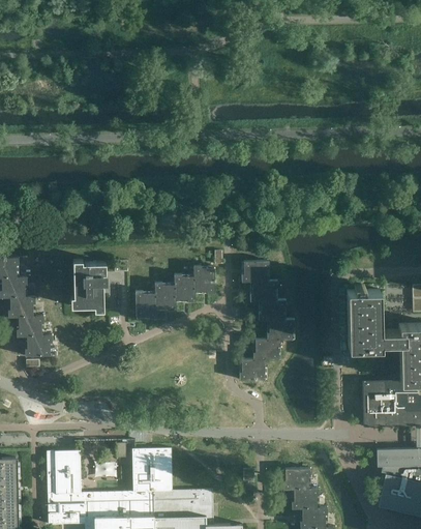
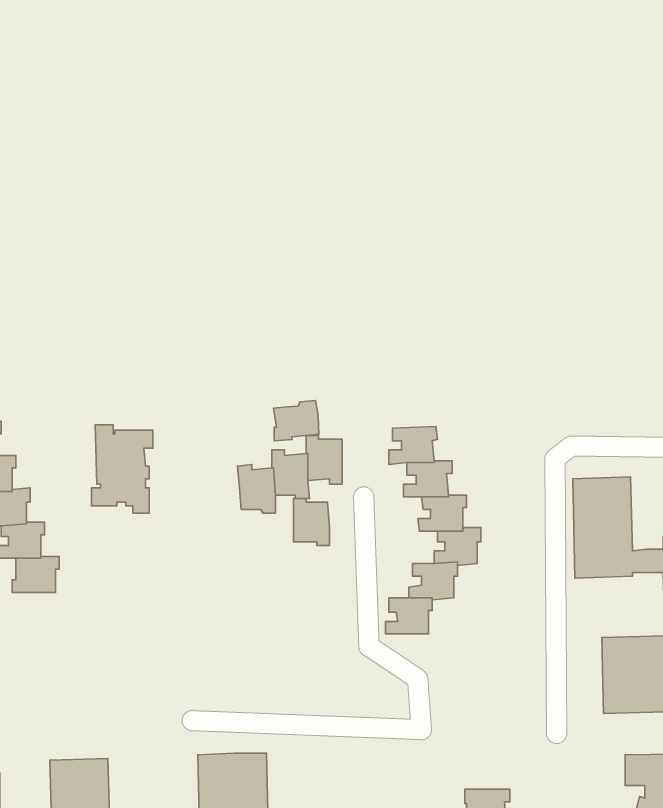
building: none -> [274,401,319,441]
building: [136,292,156,319] -> [293,499,329,546]

